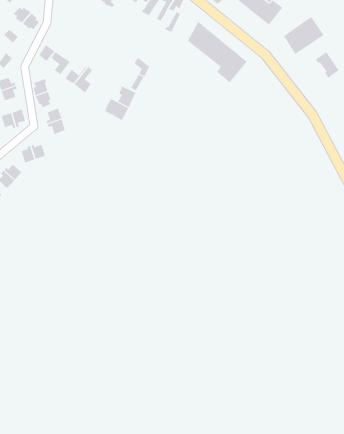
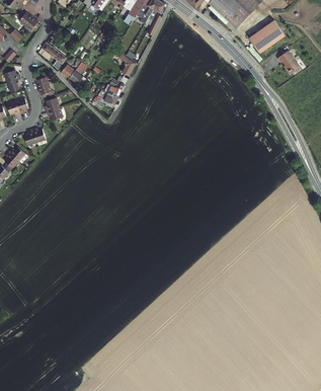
building: [187,21,248,83] -> none

